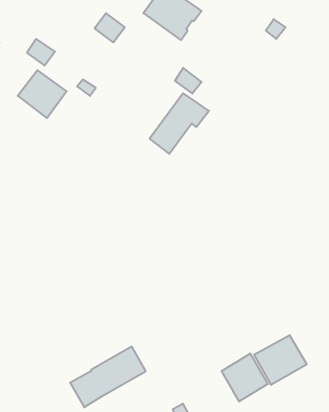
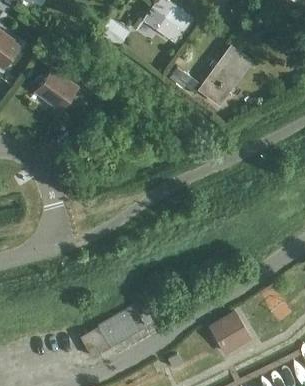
building: [150,93,209,154] -> [201,47,252,99]
building: [254,335,307,385] -> none

